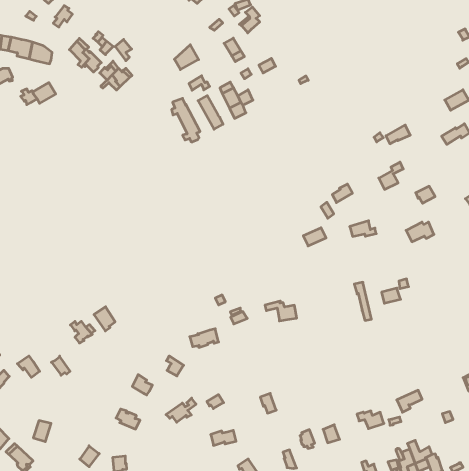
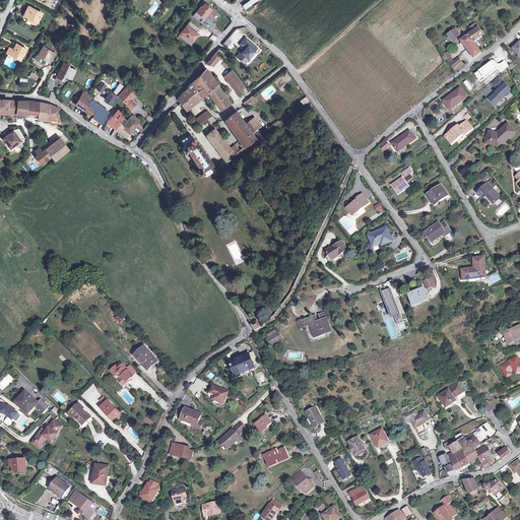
building: none -> [190,67,229,109]
building: none -> [461,256,485,281]

